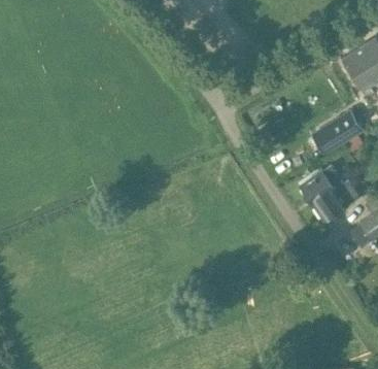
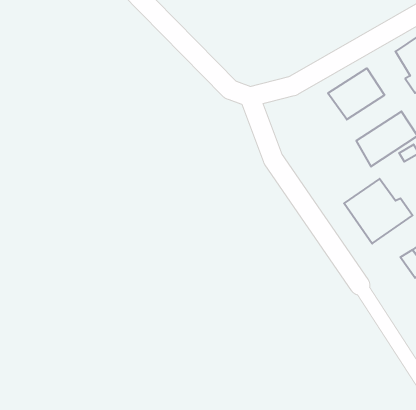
building: none -> [328,68,384,120]

